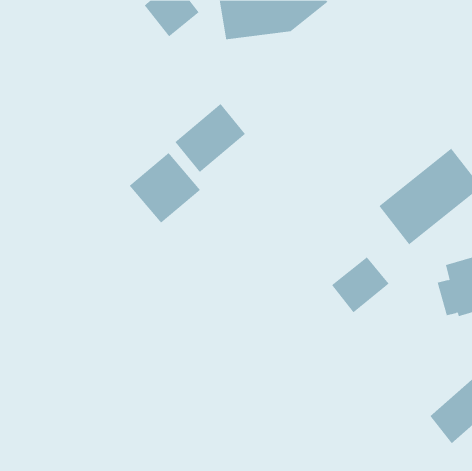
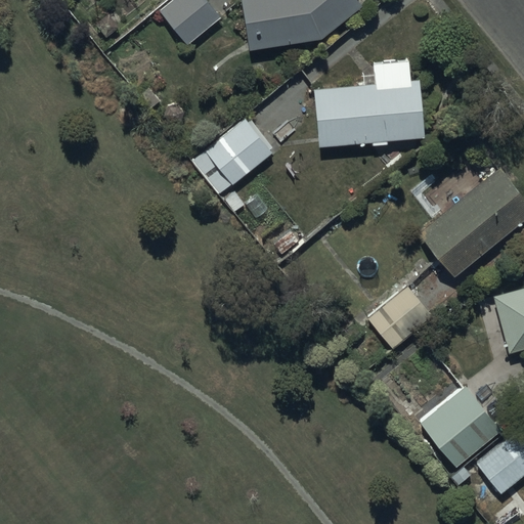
building: none -> [315,60,425,145]
building: [129,152,201,224] -> none
building: none -> [419,385,501,468]

